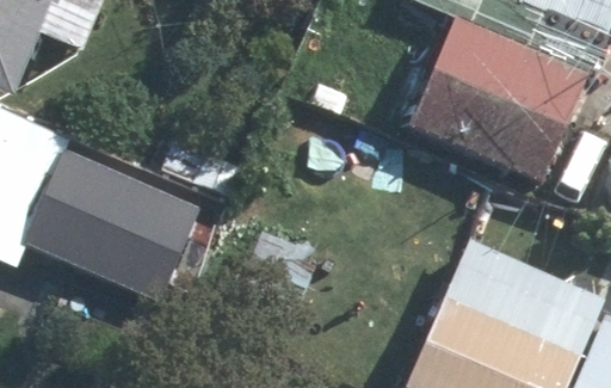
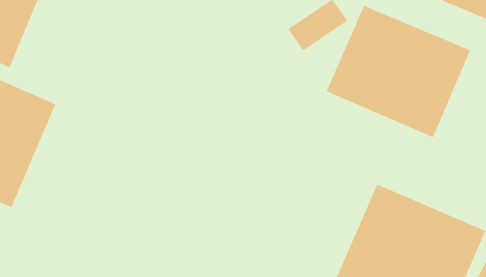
building: [27,150,200,301] -> none

